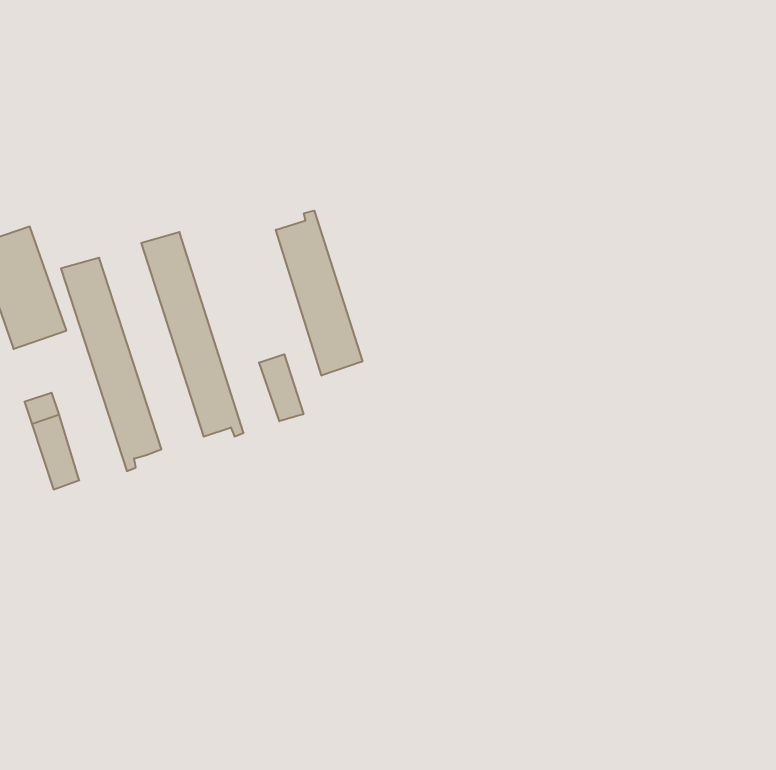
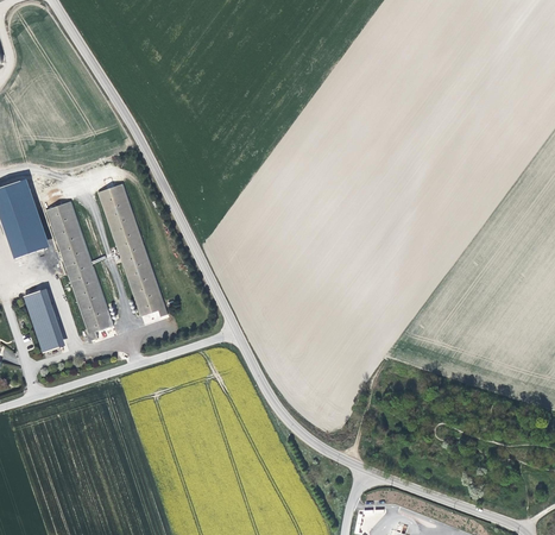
building: [276,211,362,376] -> none
building: [259,354,303,421] -> none

